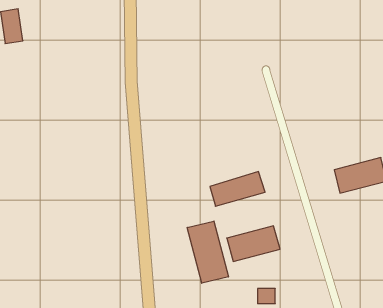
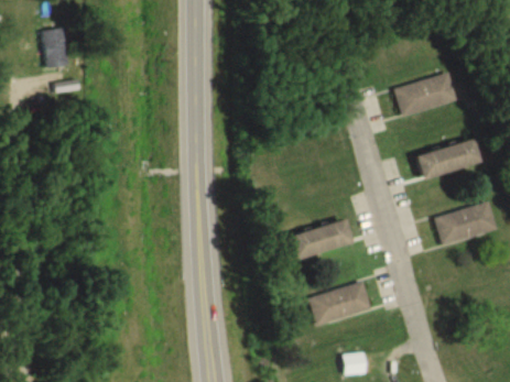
building: none -> [393,73,456,117]
building: none -> [416,139,480,178]
building: [187,221,228,283] -> none

